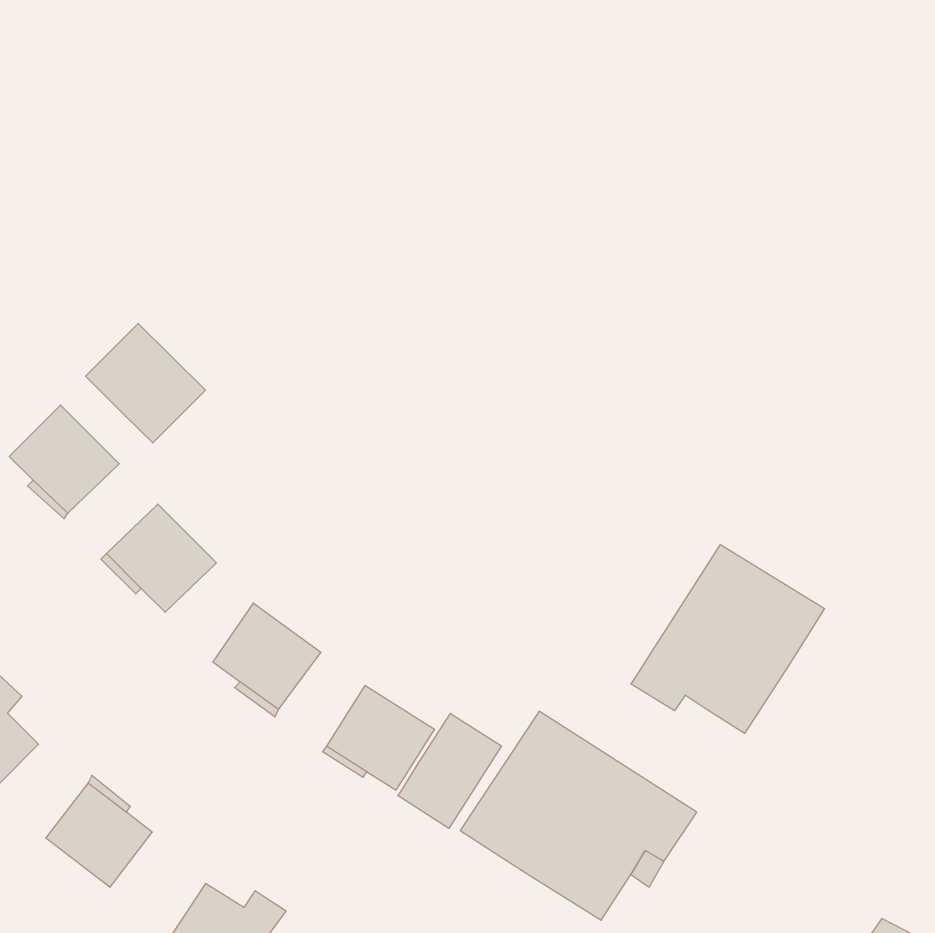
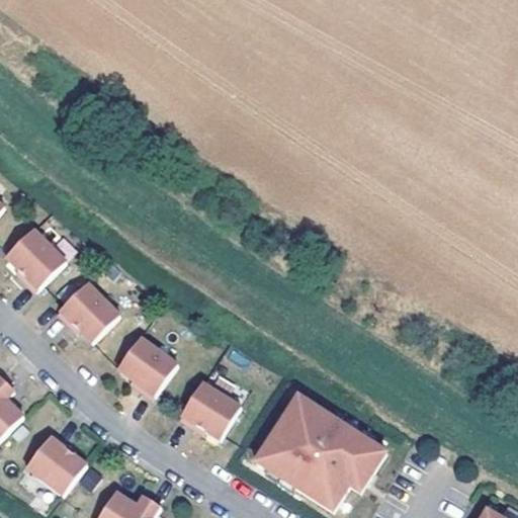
building: [86,323,205,443] -> none
building: [631,544,825,733] -> none
building: [398,713,502,828] -> none

